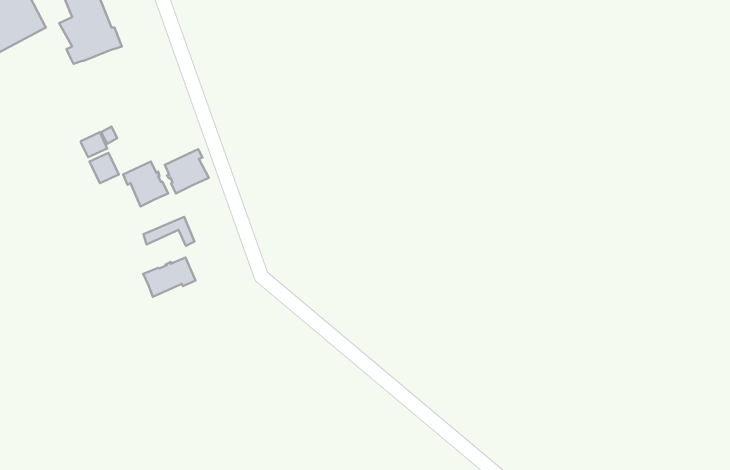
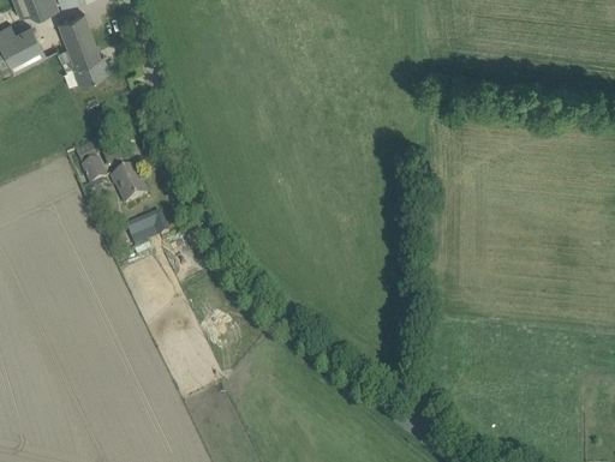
building: [165,149,209,194] -> none
building: [143,257,195,297] -> none

